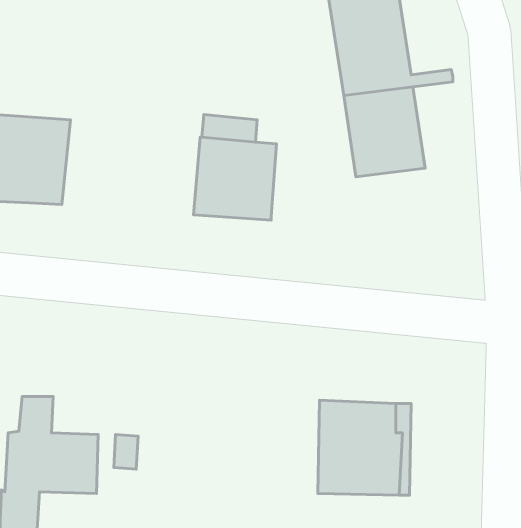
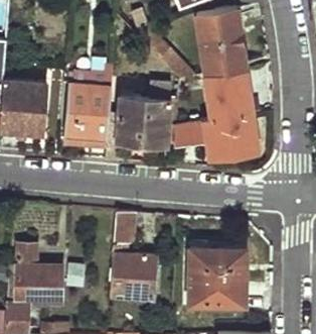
building: none -> [65,71,114,147]
building: none -> [163,101,257,157]
building: none -> [110,214,155,302]

